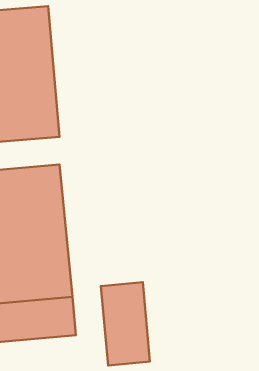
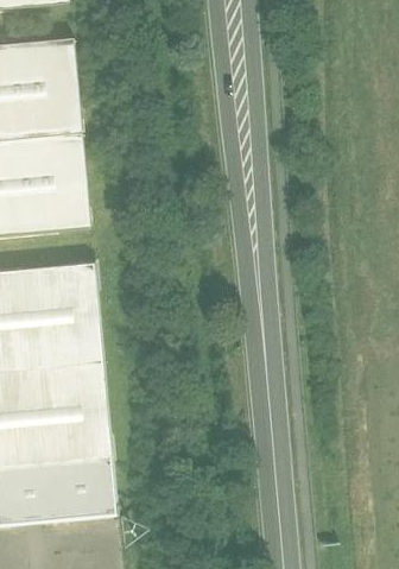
building: [101,282,150,366] -> none

